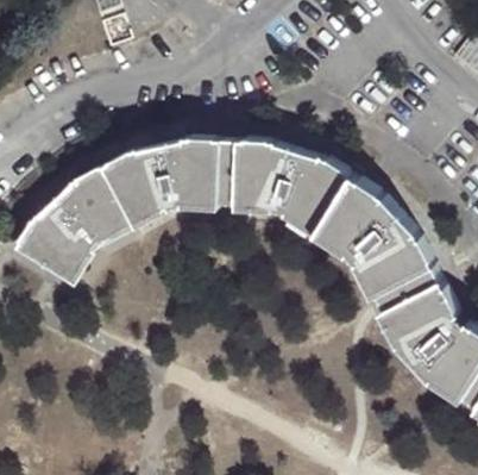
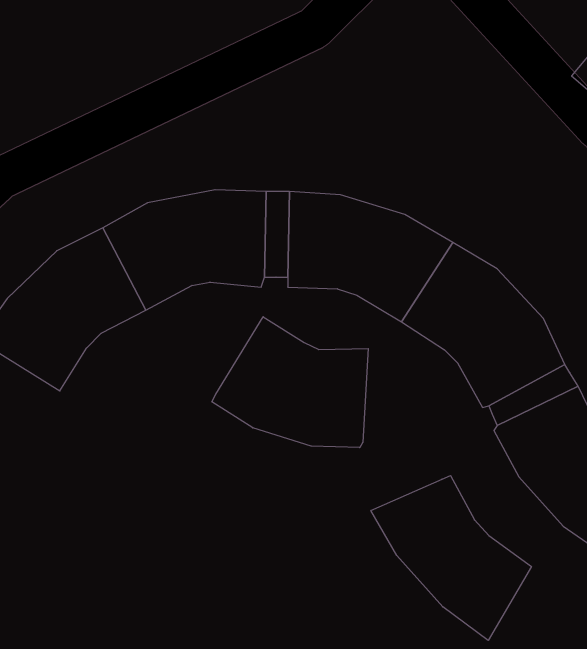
building: none -> [212,317,368,448]
building: none -> [371,476,531,640]

